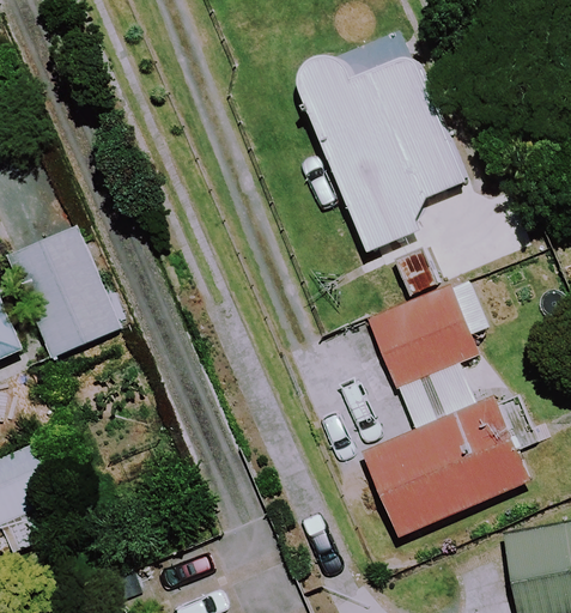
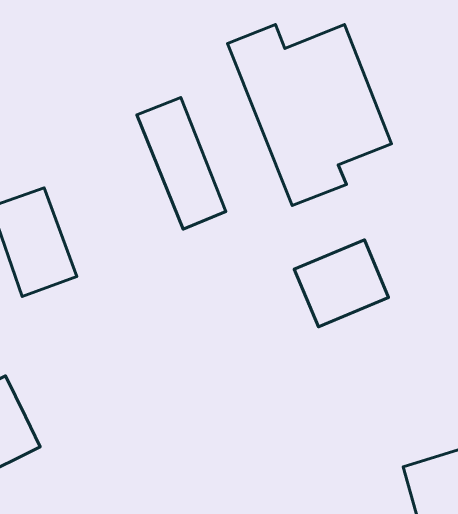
building: none -> [137,98,226,229]
building: [359,399,523,536] -> none

